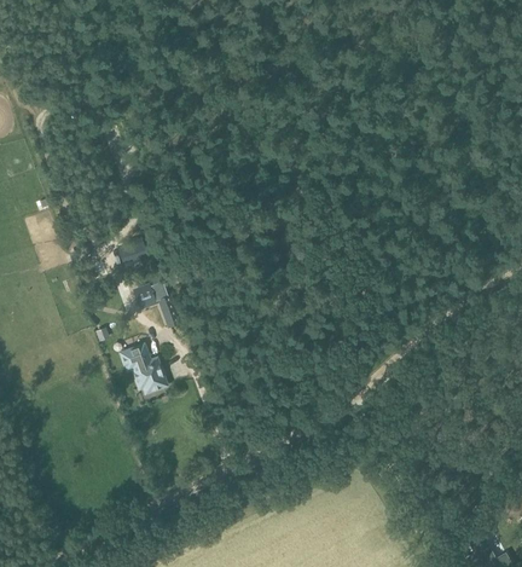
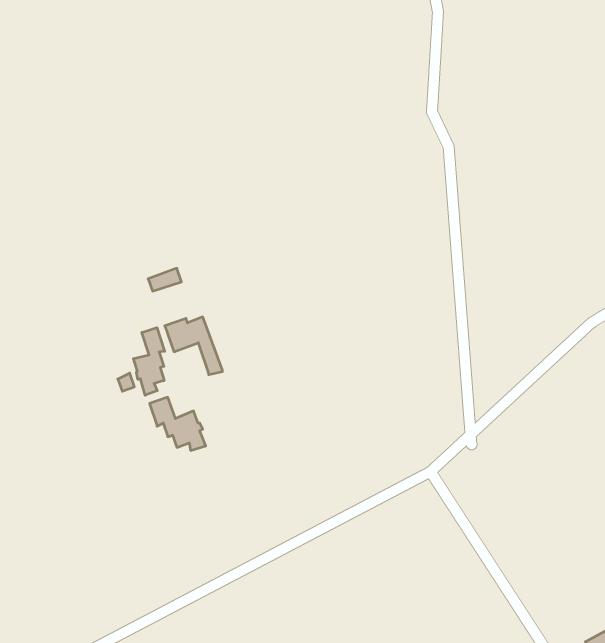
building: none -> [133,328,165,395]

